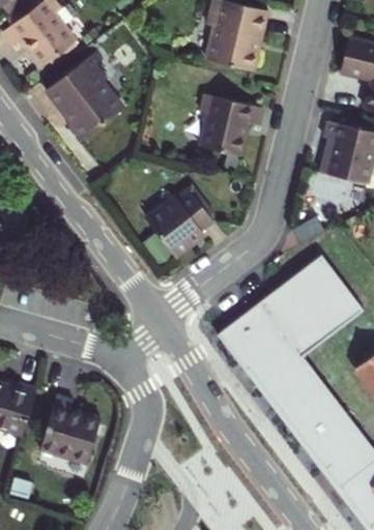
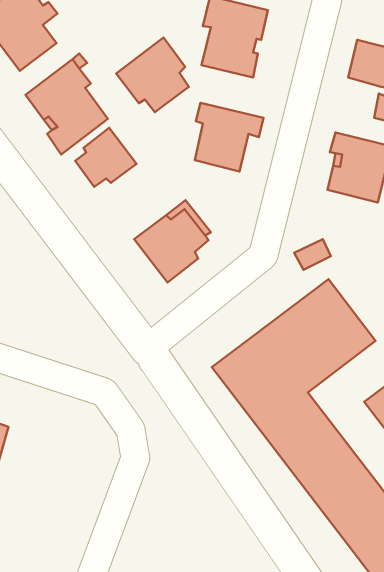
building: none -> [116,38,189,112]
building: none -> [75,128,136,187]
building: [36,394,96,463] -> none

